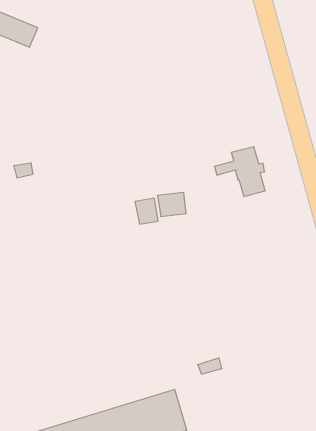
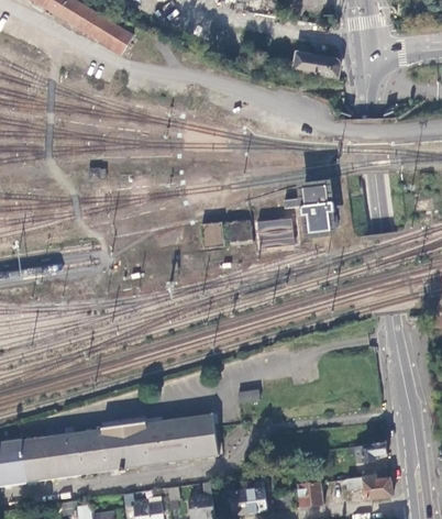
building: none -> [294,52,340,78]
building: none -> [255,217,294,247]

